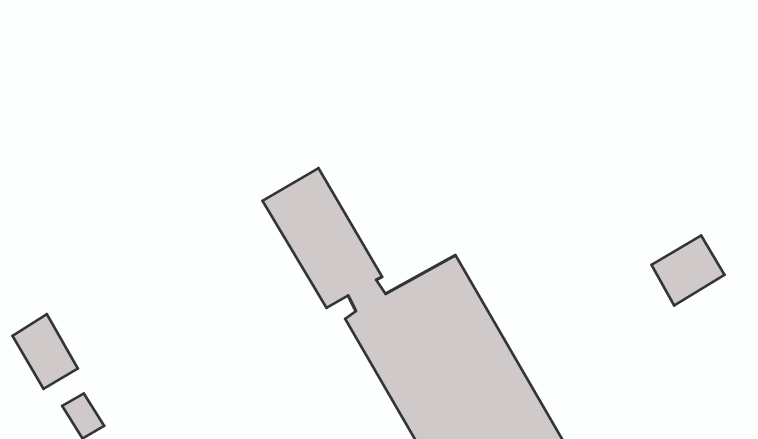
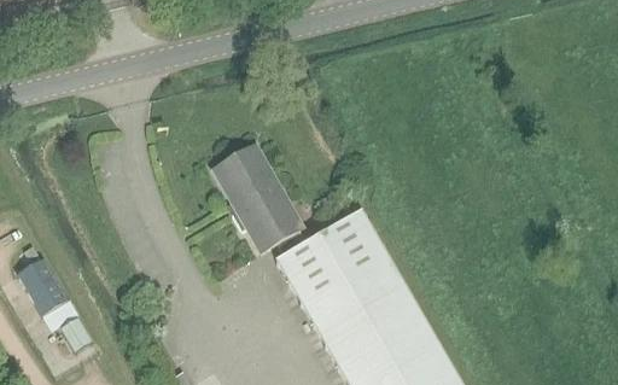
building: [652,235,724,306] -> none

